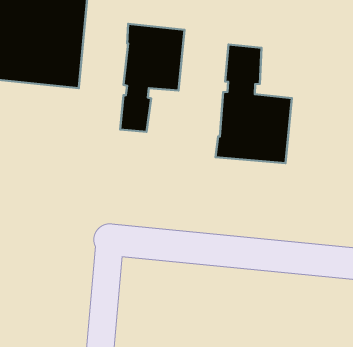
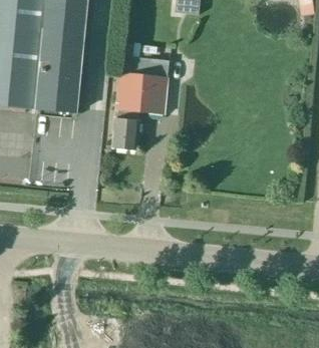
building: [216,45,292,163] -> none

